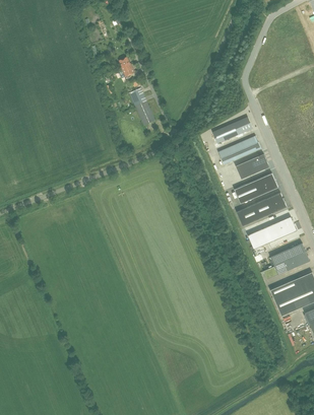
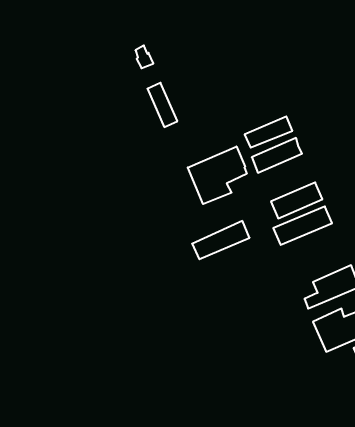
building: none -> [188,146,247,204]
building: [235,152,268,178] -> none
building: [247,215,296,248] -> [192,221,250,259]

